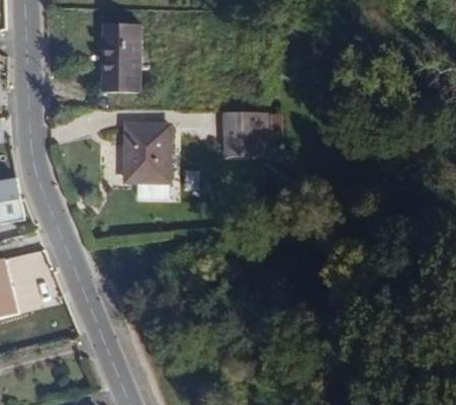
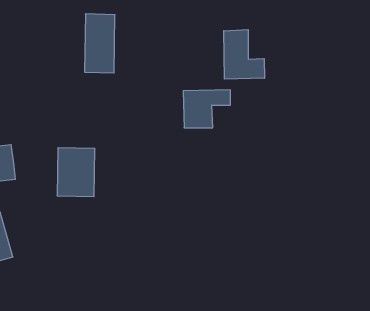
building: none -> [224,30,265,79]
building: [125,124,171,182] -> [57,148,95,197]

